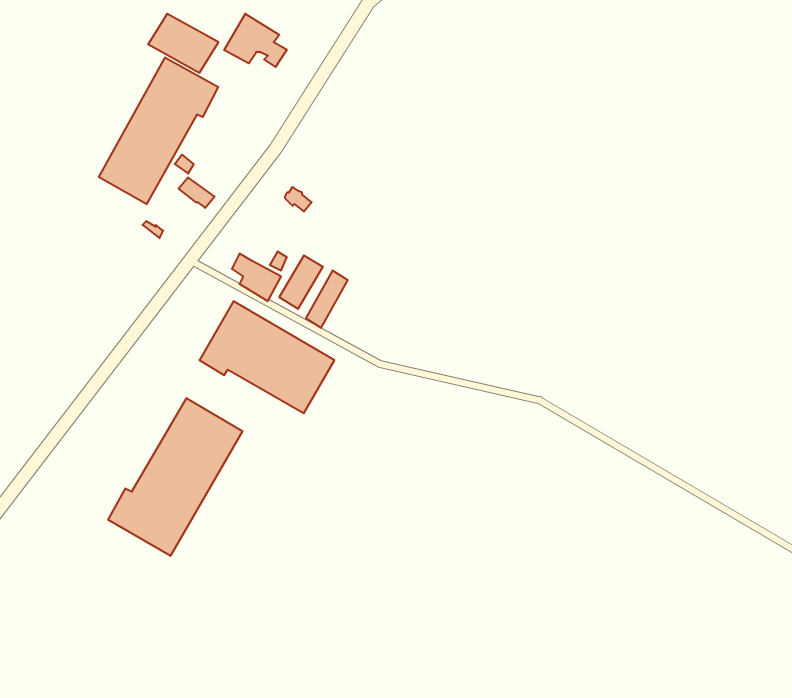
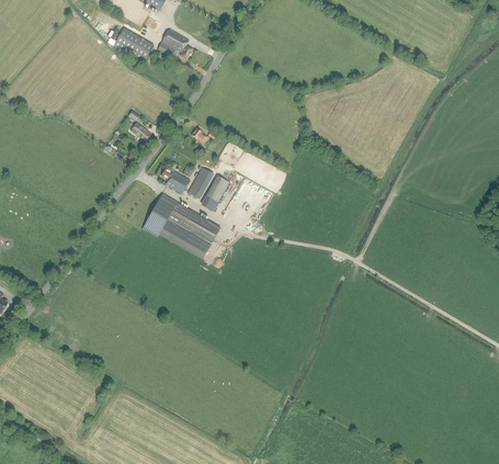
building: [99,57,218,204] -> none
building: [108,398,242,556] -> none

